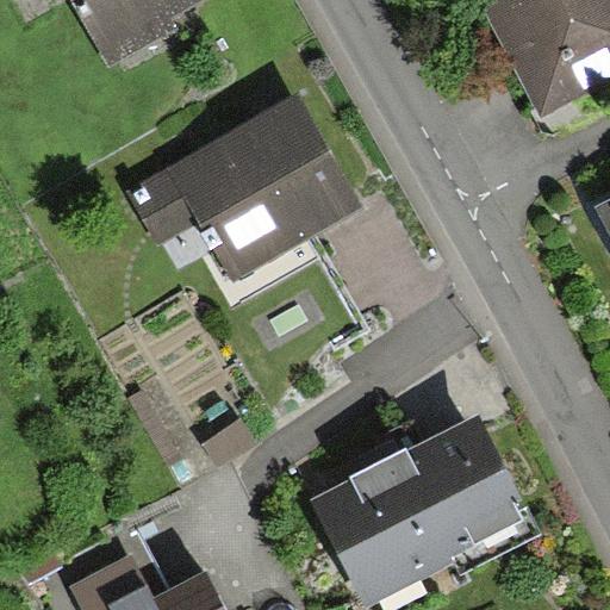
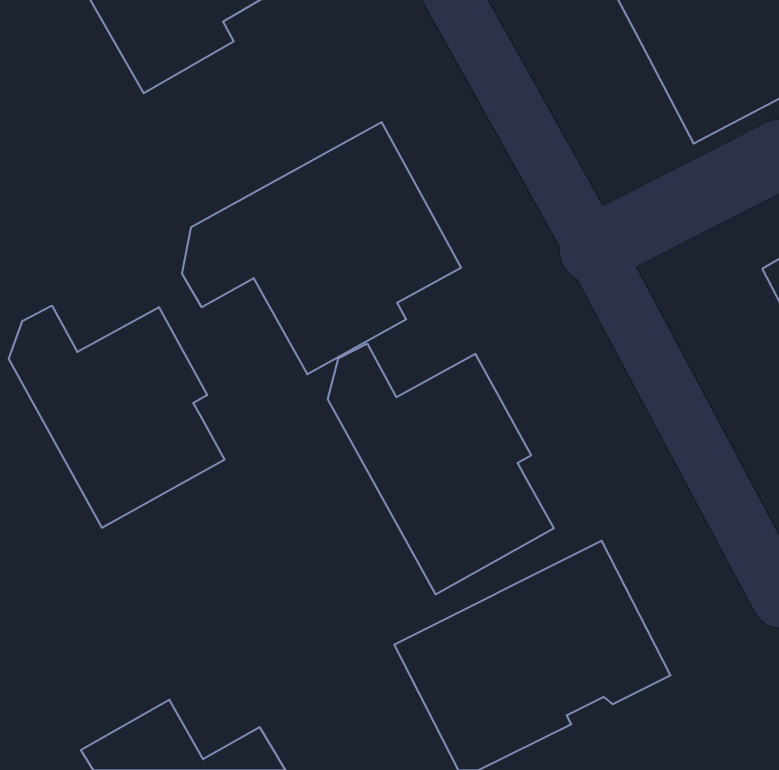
building: none -> [9,306,225,528]
building: none -> [328,344,554,594]

